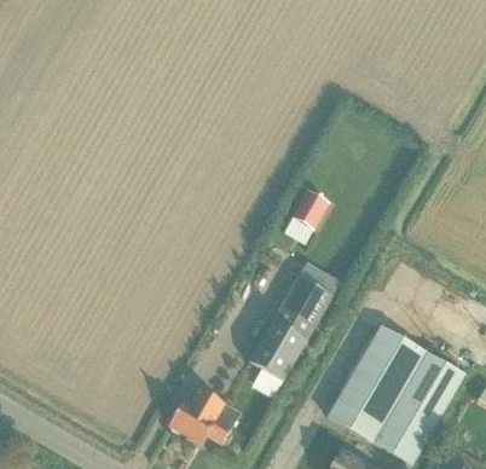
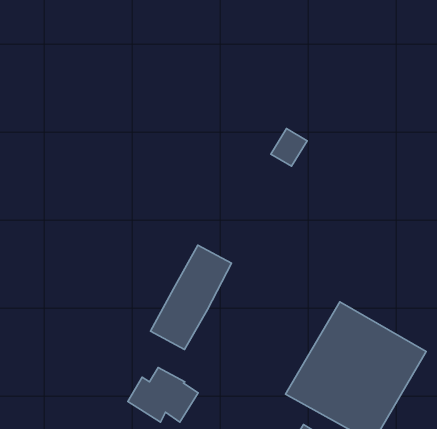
building: [294,189,330,226] -> [271,129,307,166]
building: [251,276,332,380] -> [150,245,232,349]

